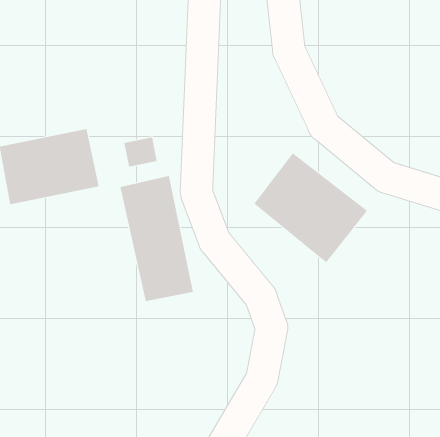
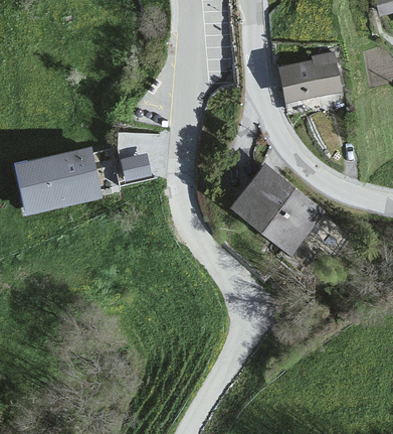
building: none -> [278,55,340,102]
building: [120,175,193,302] -> none

